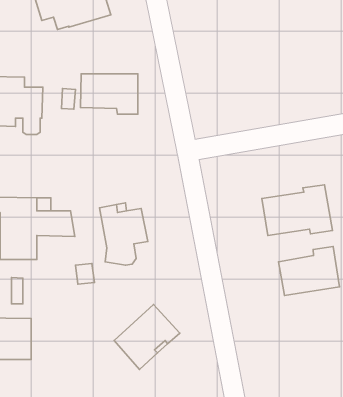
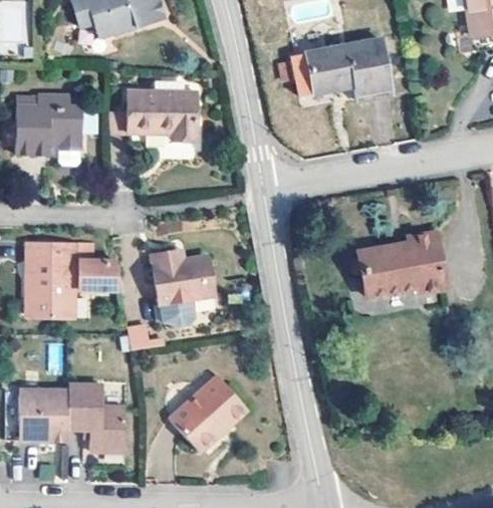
building: none -> [286,33,385,94]
building: [279,246,339,296] -> none
building: none -> [68,387,126,453]

